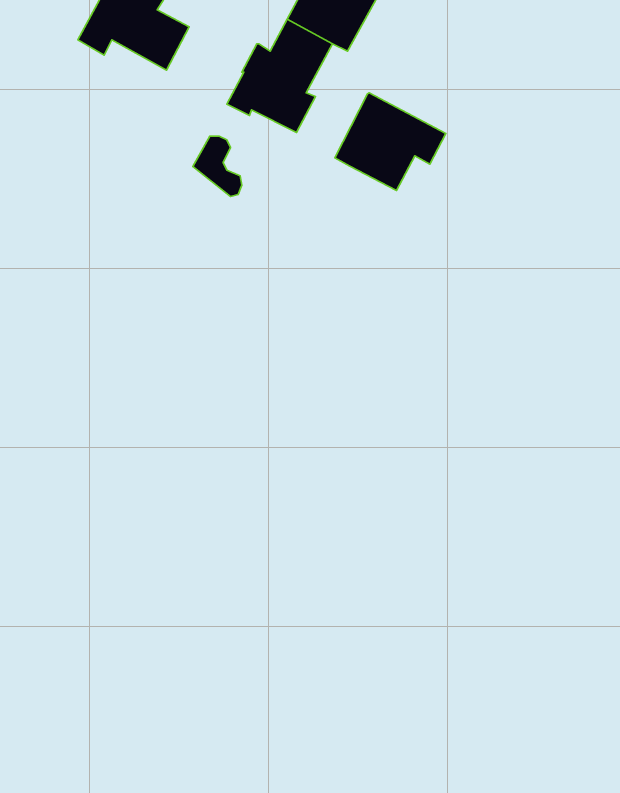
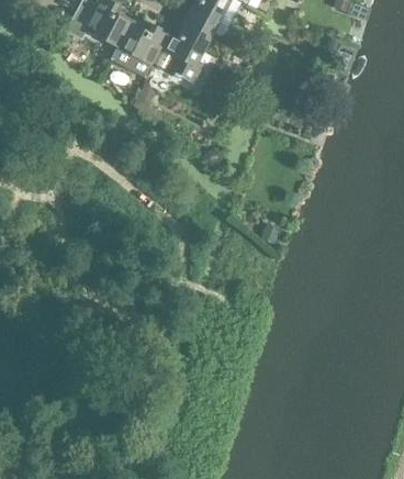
building: none -> [111,22,170,78]
building: [335,93,446,190] -> none

